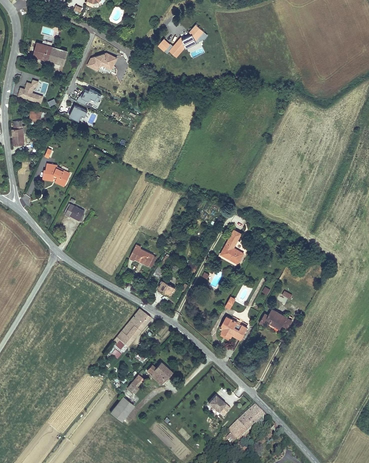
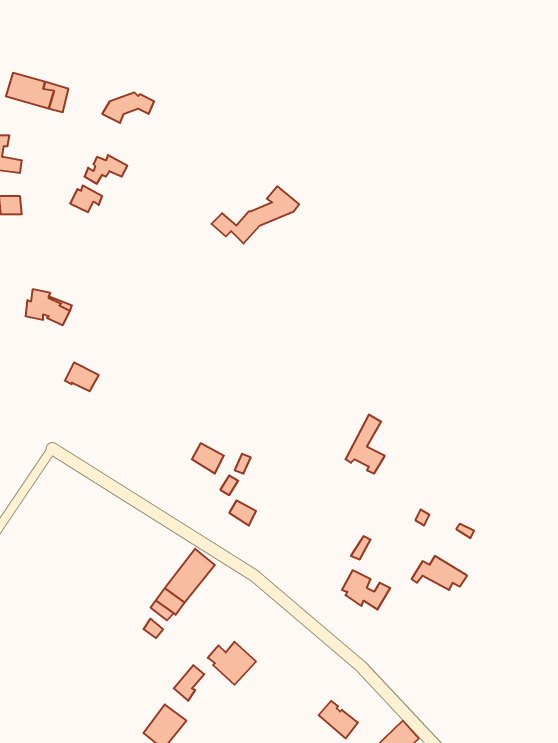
building: [158,24,207,56] -> [211,186,299,244]

